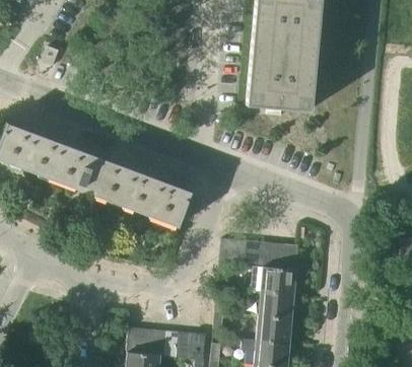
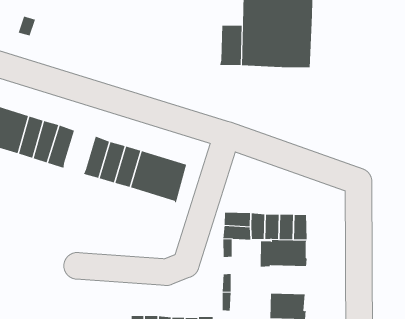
building: none -> [220,25,242,66]
building: [78,155,108,192] -> none
building: [260,291,295,319] -> none

